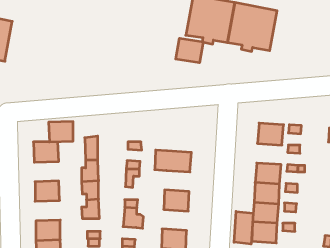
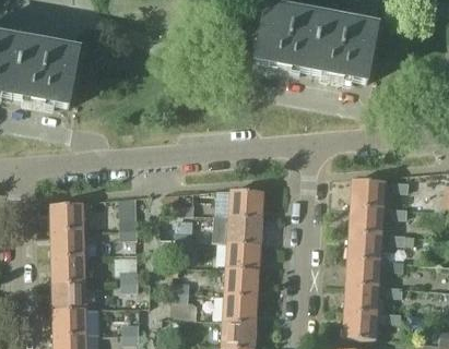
building: none -> [12,43,79,107]
building: [176,38,203,63] -> none
building: [49,122,73,142] -> [51,230,84,257]
building: none -> [229,190,263,218]
building: none -> [350,206,383,234]
building: none -> [226,242,260,270]
building: none -> [52,282,86,310]
building: none -> [223,294,258,323]
building: [234,211,253,244] -> none

